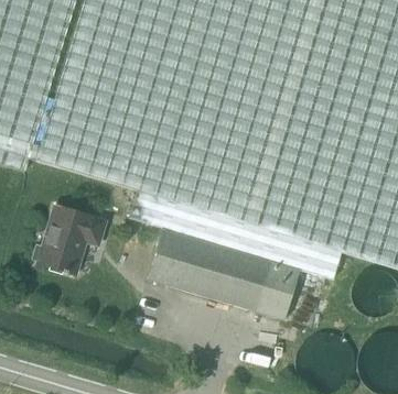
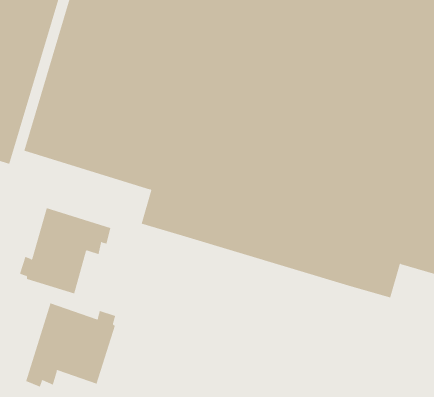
building: [148,229,299,321] -> none
building: none -> [26,303,116,387]

